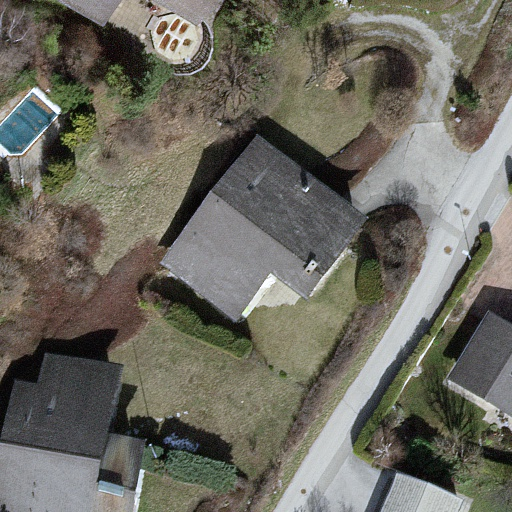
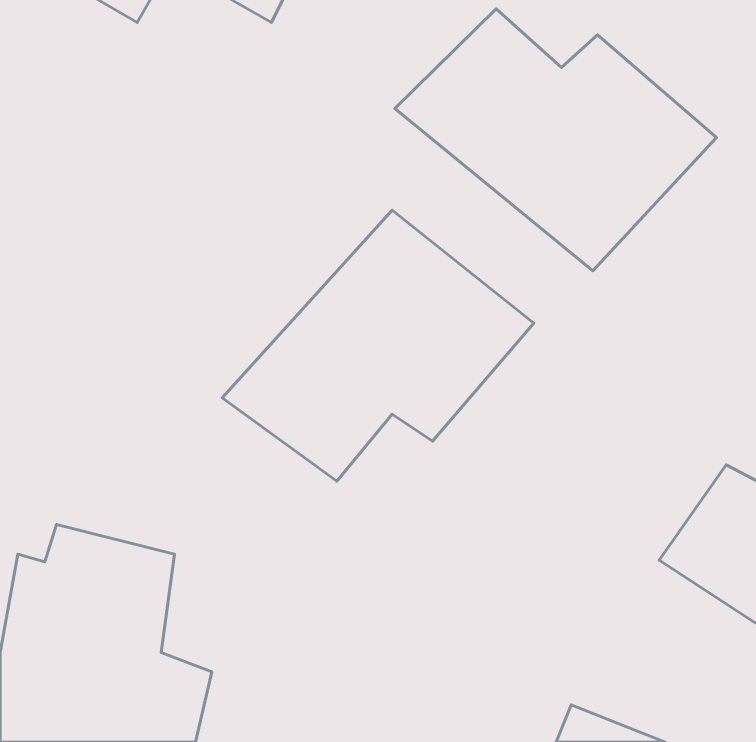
building: none -> [395,9,717,271]

